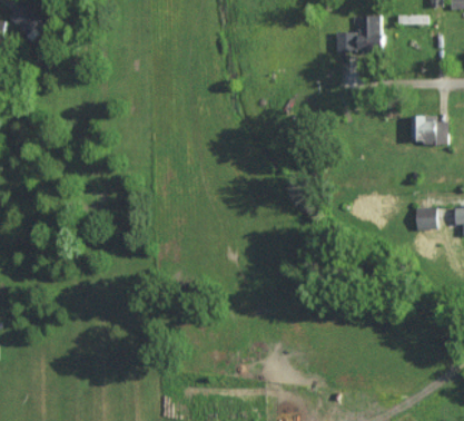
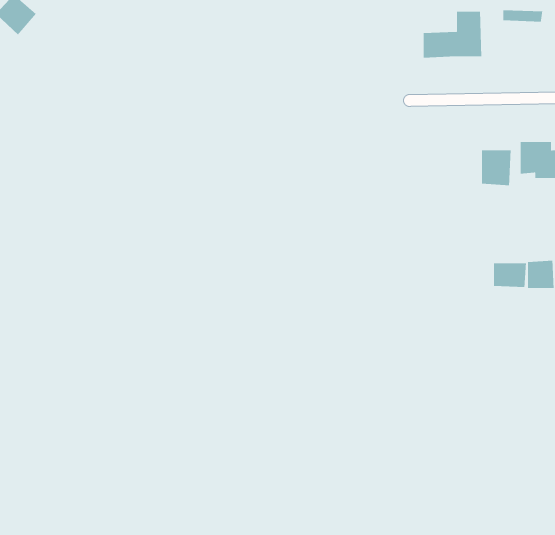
building: none -> [481,150,511,186]
building: none -> [493,263,527,288]

